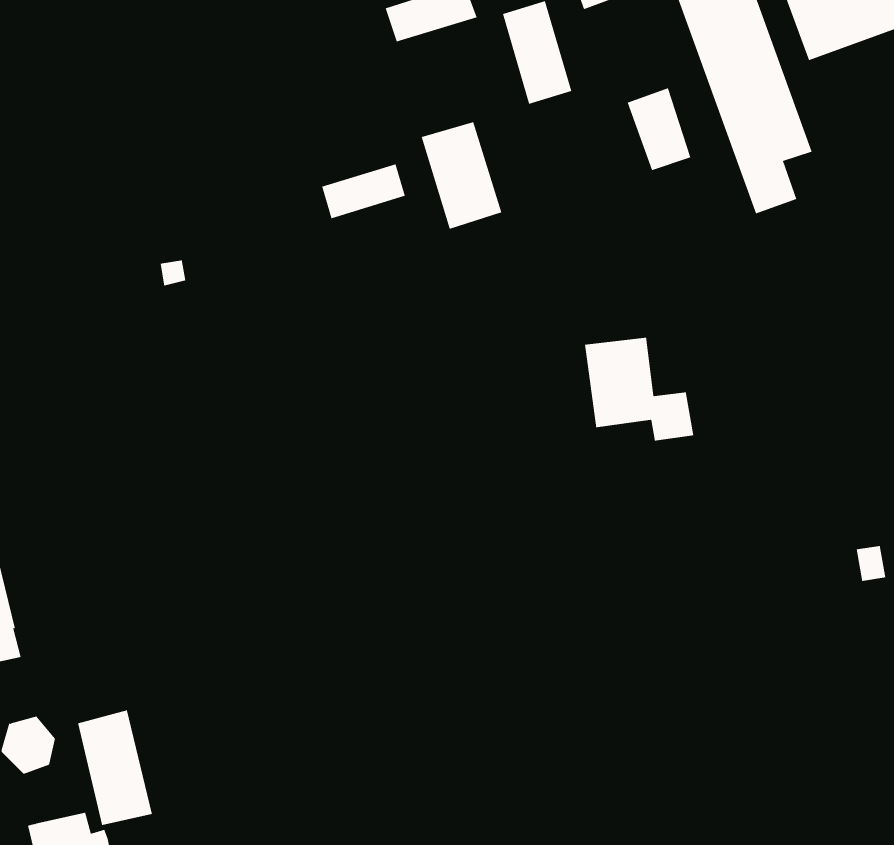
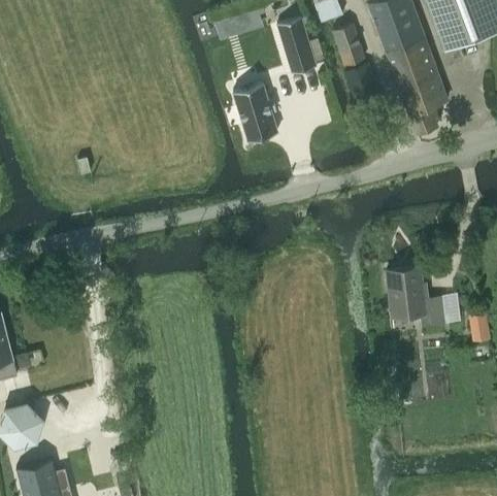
building: none -> [333,24,365,65]
building: [321,163,405,219] -> none
building: [584,337,694,441] -> [386,267,445,324]
building: [78,710,152,826] -> none

